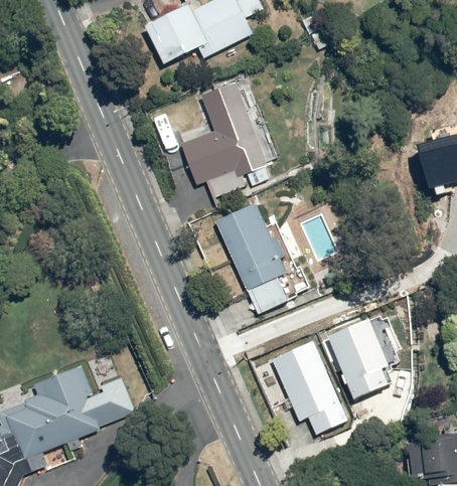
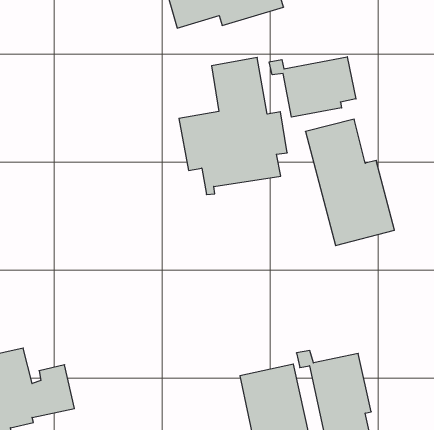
building: none -> [269,57,356,117]
building: [214,202,306,314] -> [305,119,394,246]

